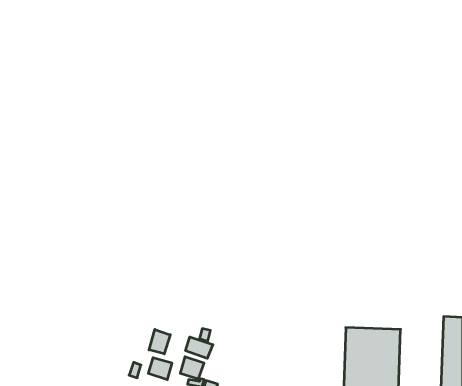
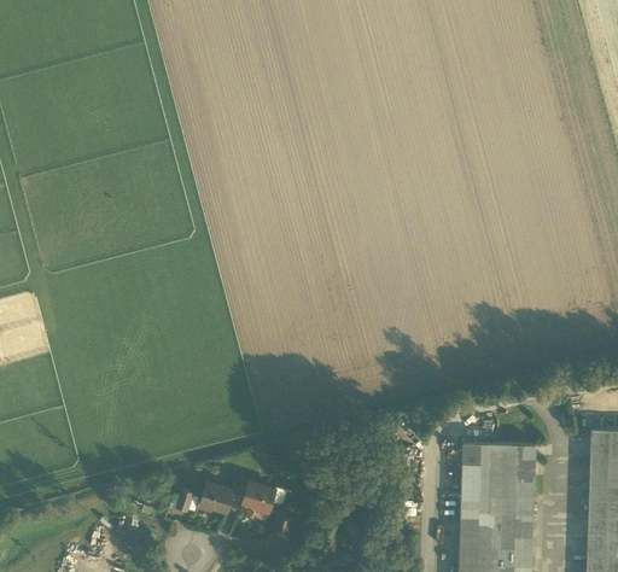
building: [149,329,170,354] -> none
building: [186,337,213,358] -> none

